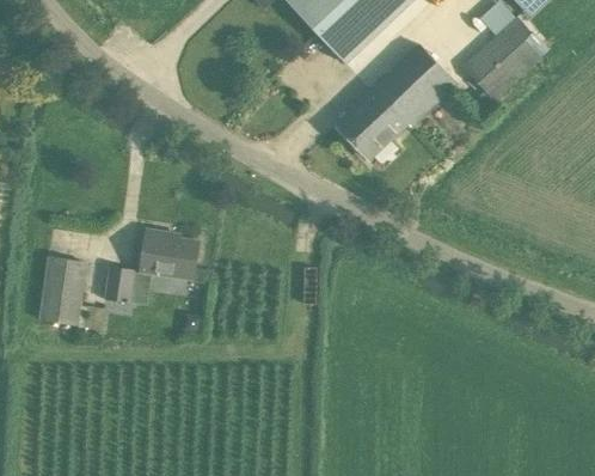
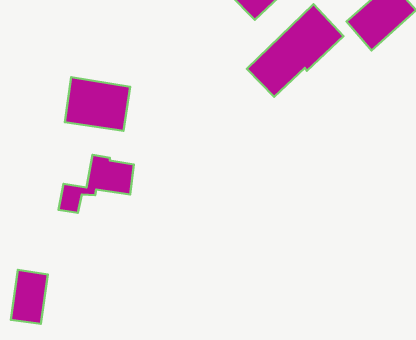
building: none -> [65,77,130,131]
building: [39,256,85,323] -> [11,270,48,324]

